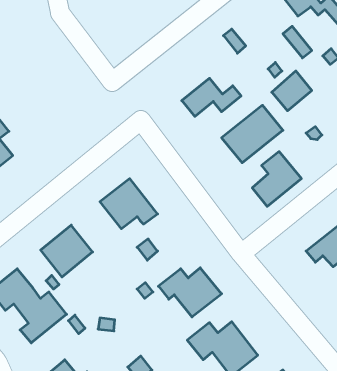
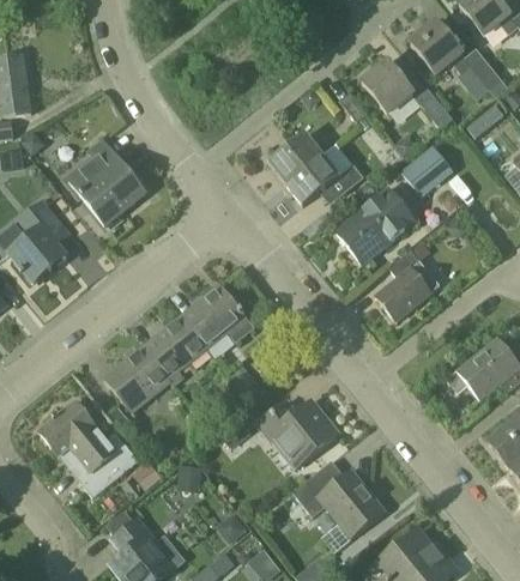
building: none -> [361,61,413,115]
building: none -> [268,133,321,183]
building: none -> [68,141,143,223]
building: none -> [143,314,207,379]

